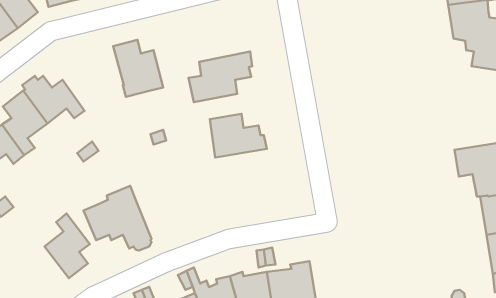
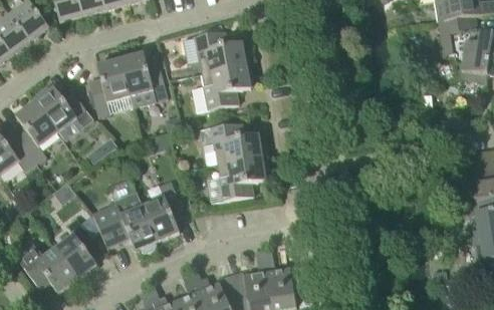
building: none -> [183,31,250,73]
building: none -> [88,58,131,115]
building: none -> [217,156,268,201]
building: none -> [143,181,185,241]
building: none -> [19,248,78,292]

